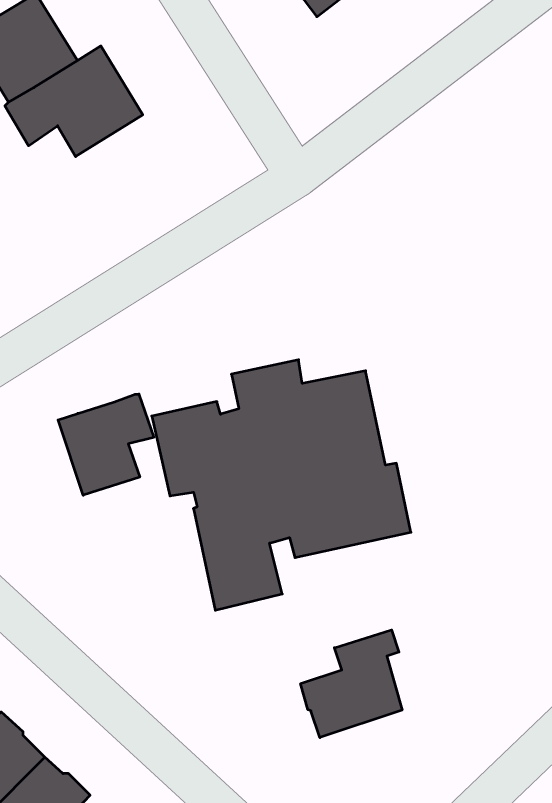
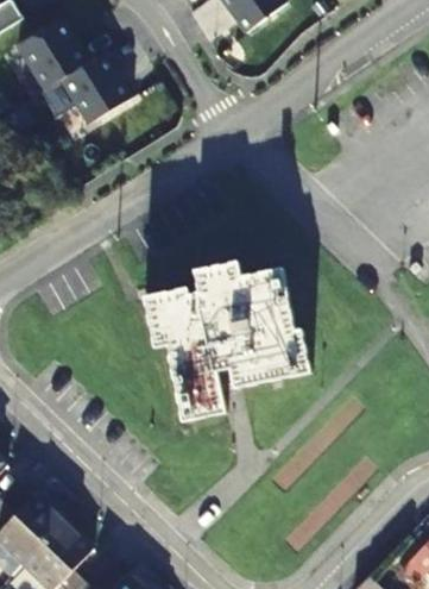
building: [58,394,154,495] -> none
building: [301,630,402,738] -> none

